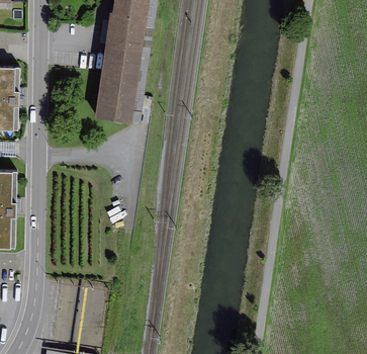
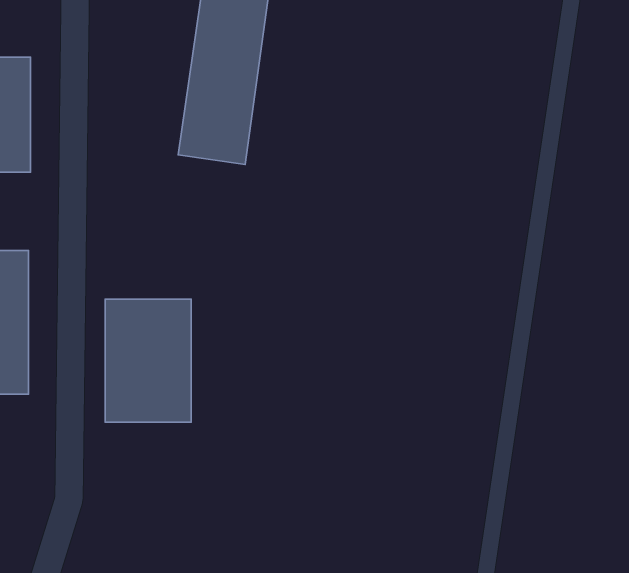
building: none -> [105,299,191,422]

